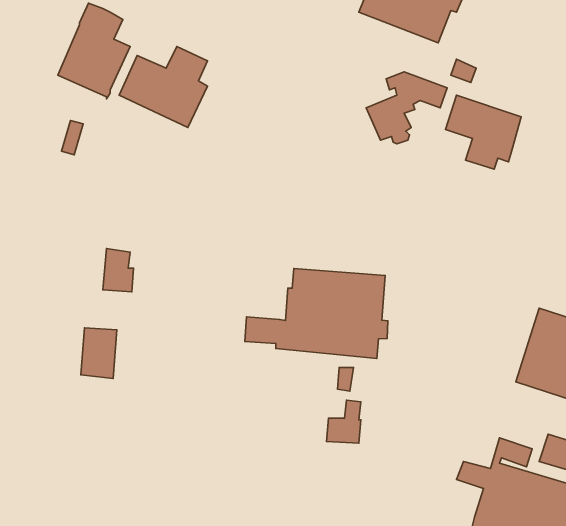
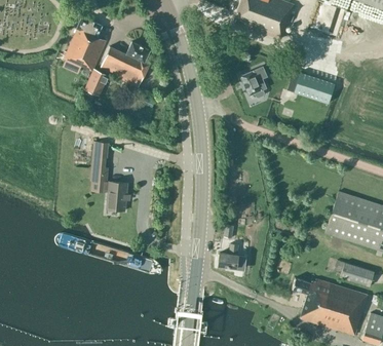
building: none -> [84,69,109,97]
building: [245,268,388,358] -> none
building: [81,328,117,378] -> [107,183,127,212]

